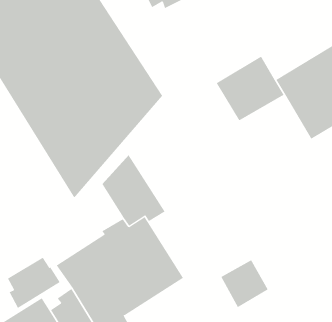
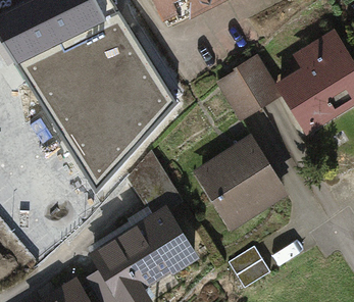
building: none -> [189,134,286,234]
building: [7,257,61,309] -> none

